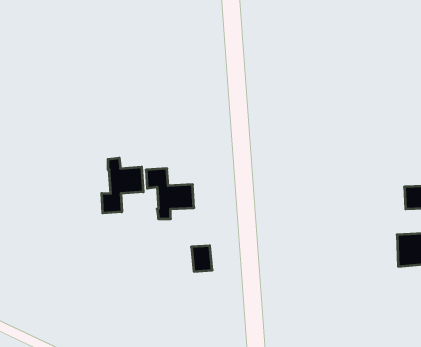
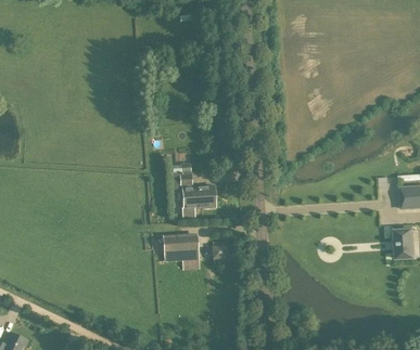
building: [102,158,143,213] -> none
building: none -> [170,232,198,260]

